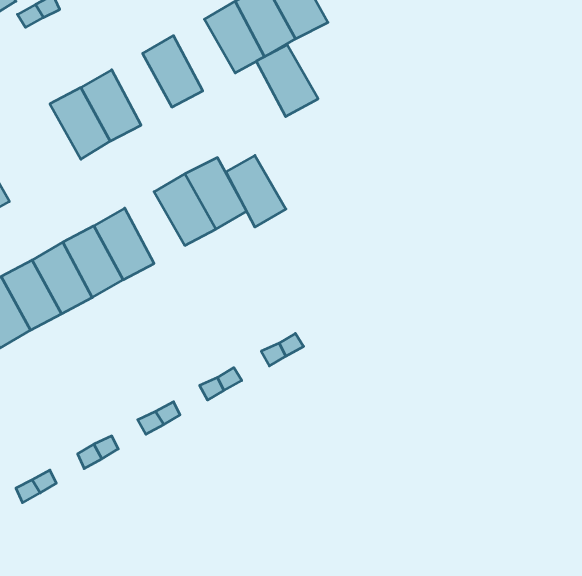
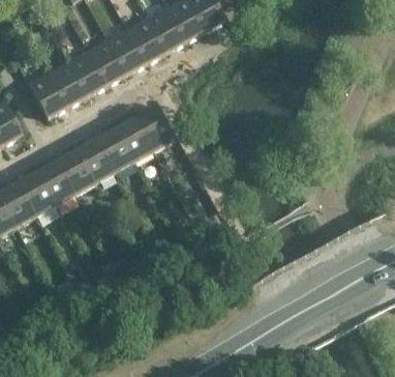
building: [256,45,318,117] -> [127,18,166,63]
building: none -> [88,39,126,85]
building: none -> [28,71,68,117]
building: [226,155,286,227] -> [96,127,134,173]

